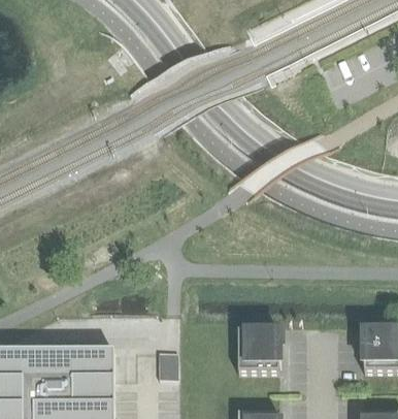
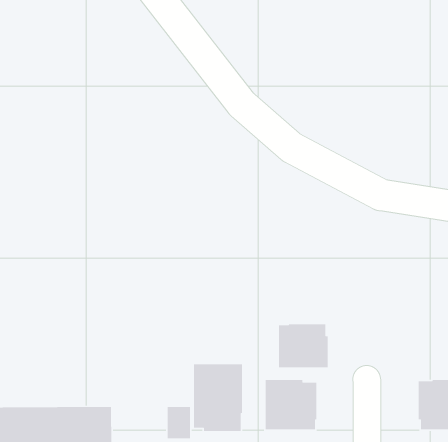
building: none -> [278,324,329,368]
building: none -> [193,363,243,432]

